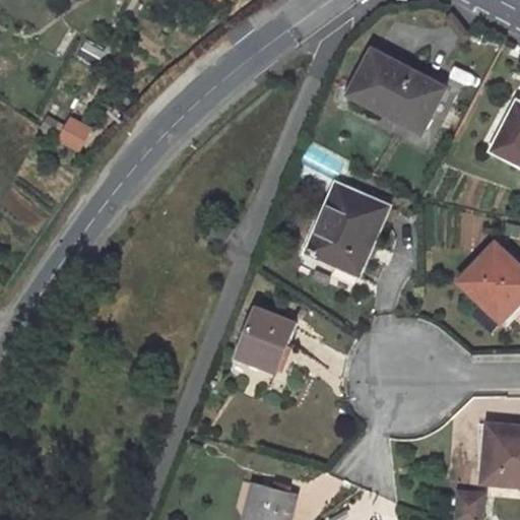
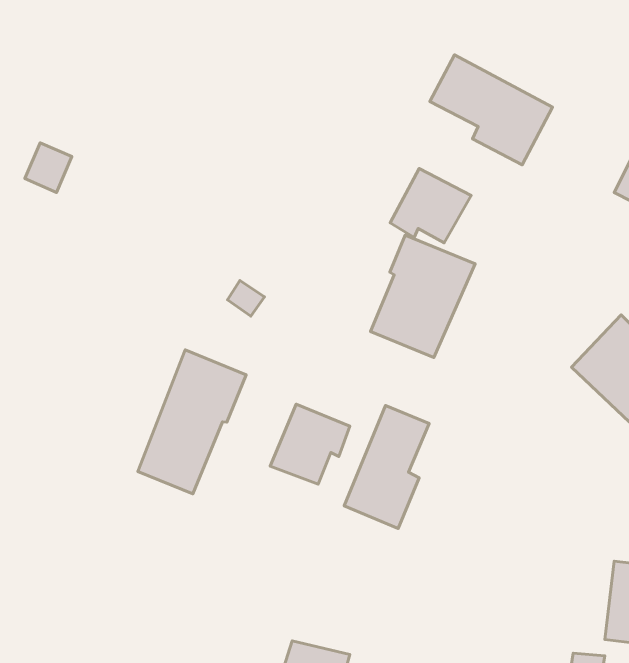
building: none -> [390,168,471,243]
building: none -> [138,350,246,494]
building: none -> [344,405,429,528]

